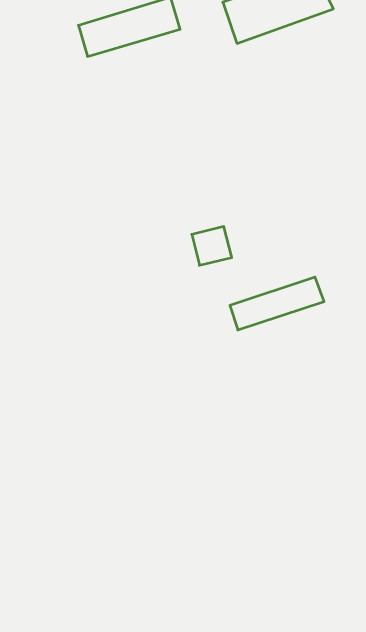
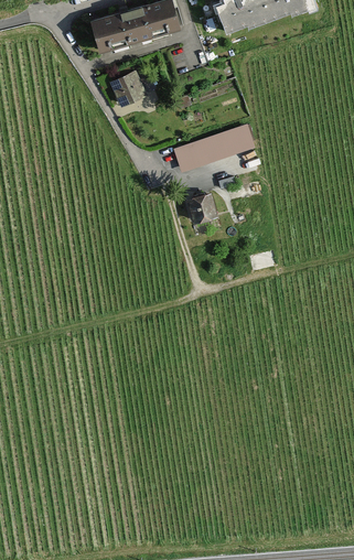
building: none -> [109,67,147,106]
building: [230,277,324,330] -> [173,125,254,170]

